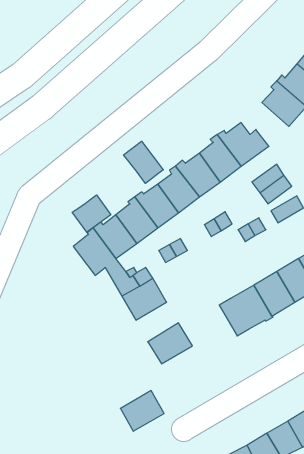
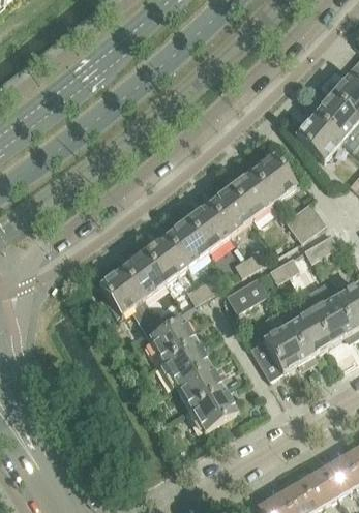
building: [124,141,163,183] -> none
building: [72,195,111,232] -> none
building: none -> [226,274,268,310]
building: none -> [163,342,208,384]
building: [120,391,164,431] -> [190,388,236,430]

